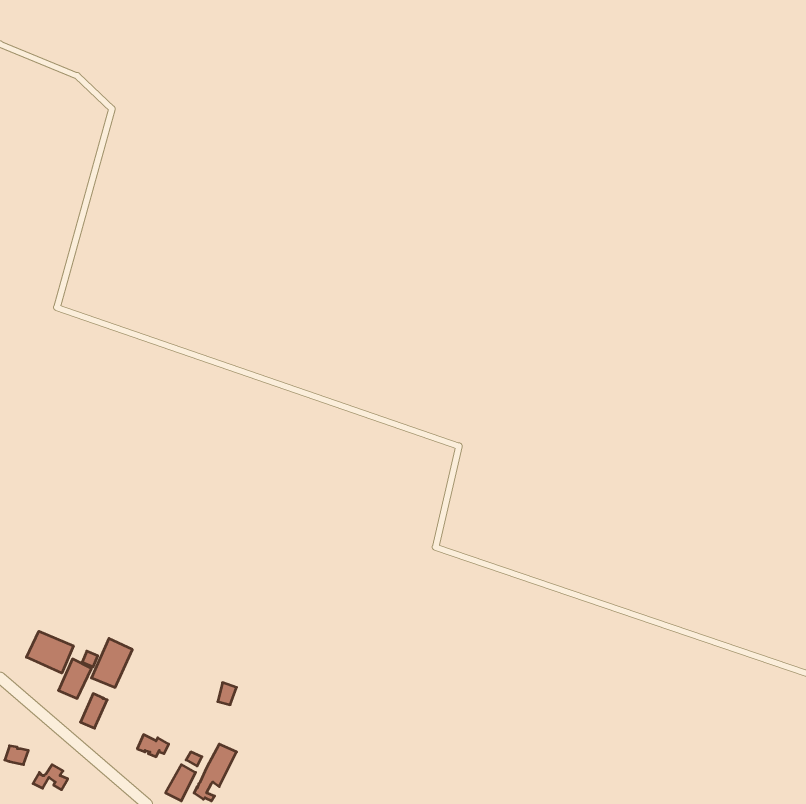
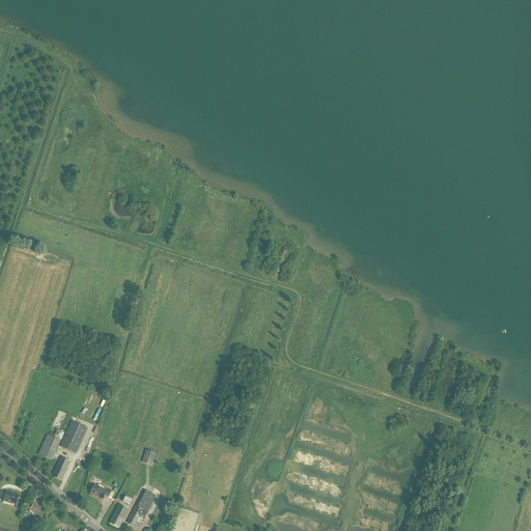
building: [26,631,73,673] -> none

